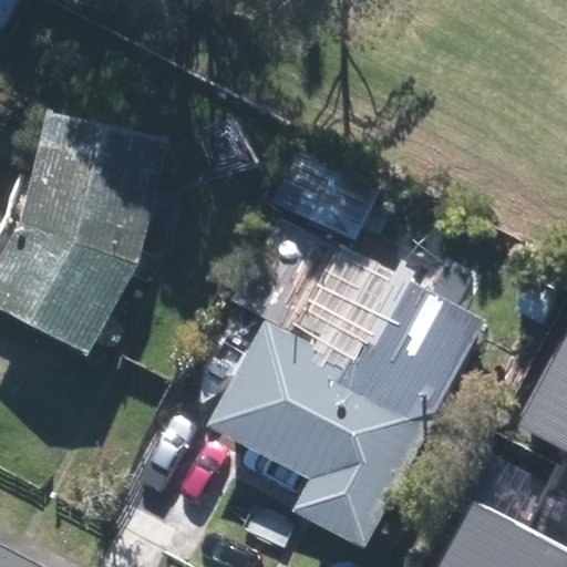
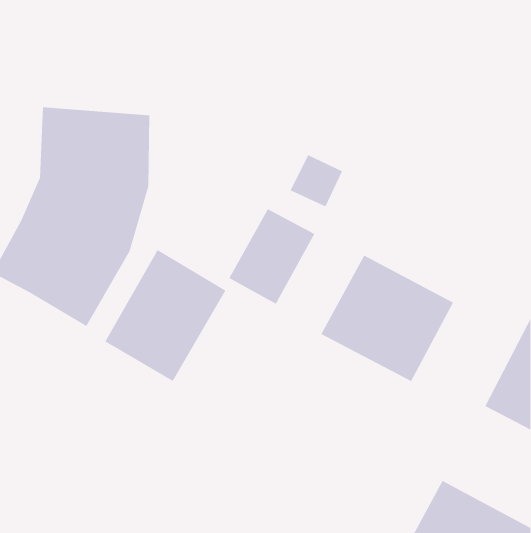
building: none -> [104,249,226,382]
building: [218,331,429,535] -> none

